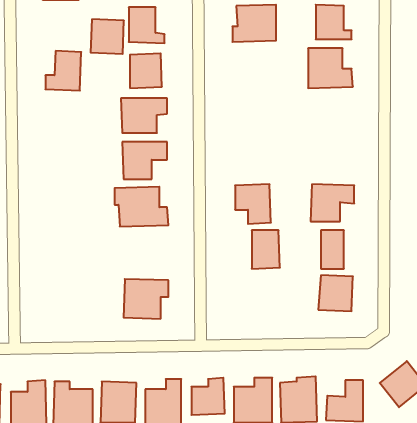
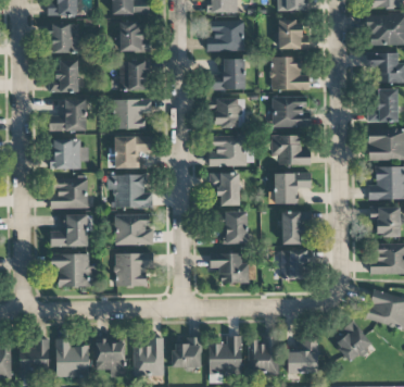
building: [91,19,124,54] -> [51,24,79,53]
building: none -> [213,59,245,90]
building: none -> [272,97,308,128]
building: none -> [210,98,244,127]
building: none -> [49,99,87,133]
building: none -> [210,136,248,167]
building: none -> [272,136,311,165]
building: none -> [51,140,89,170]
building: none -> [52,177,88,209]
building: none -> [115,214,154,246]
building: none -> [51,215,88,247]
building: none -> [52,253,98,287]
building: none -> [210,253,250,284]

